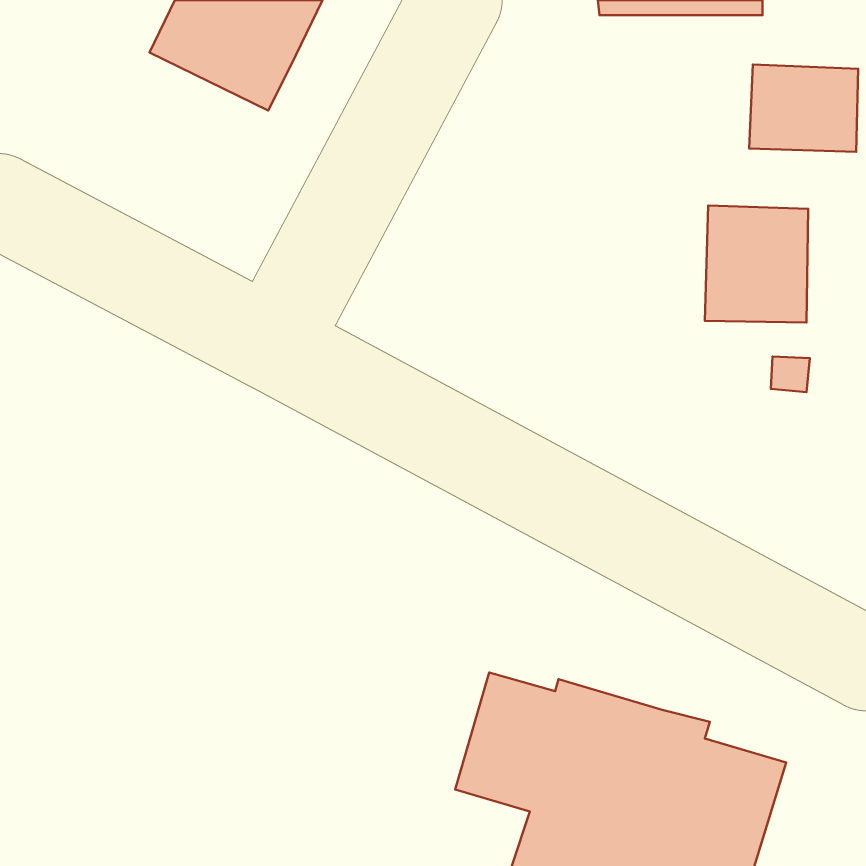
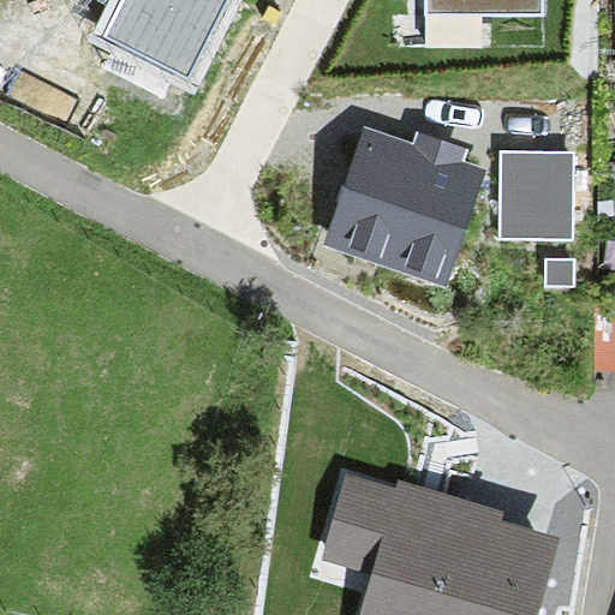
building: [749,65,858,152] -> none
building: none -> [329,126,478,269]

